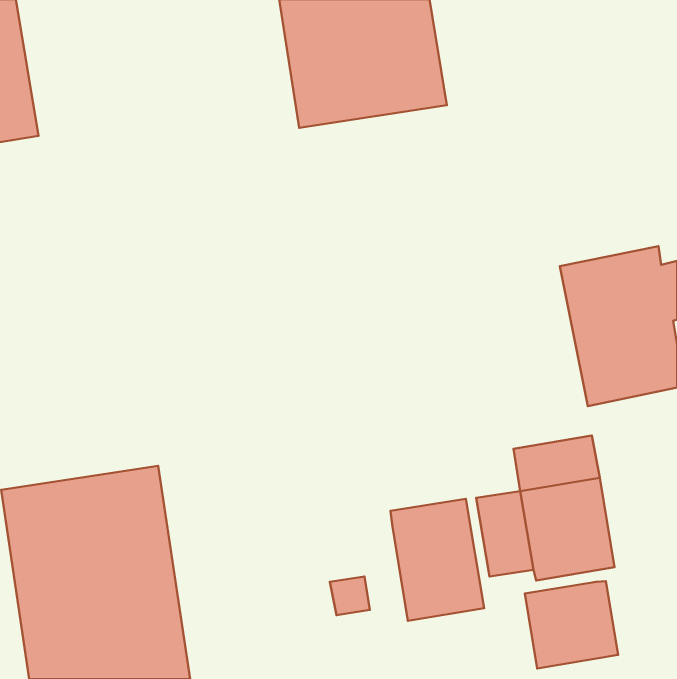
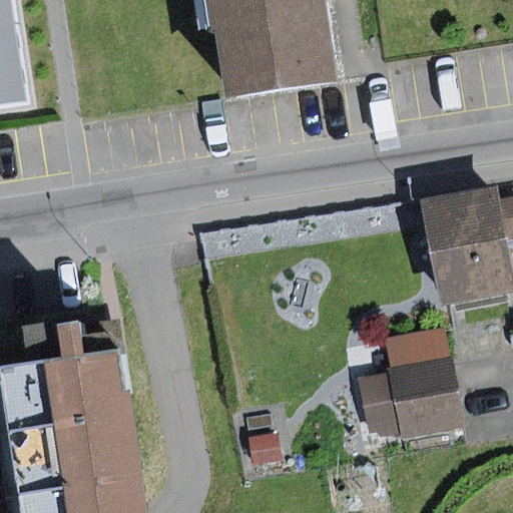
building: [391,499,484,621] -> none
building: [525,581,618,669] -> none

